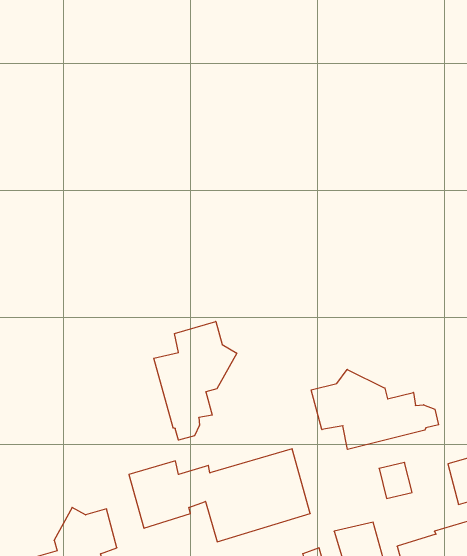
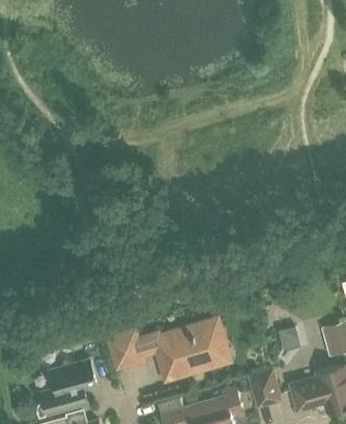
building: [154,321,237,440] -> none
building: [311,369,439,449] -> none

